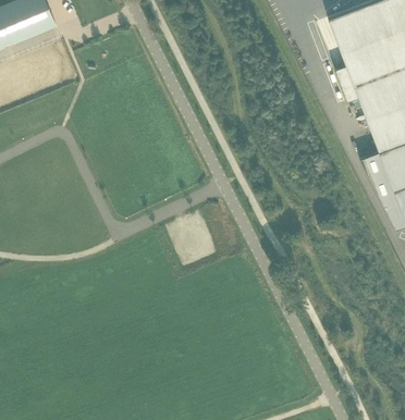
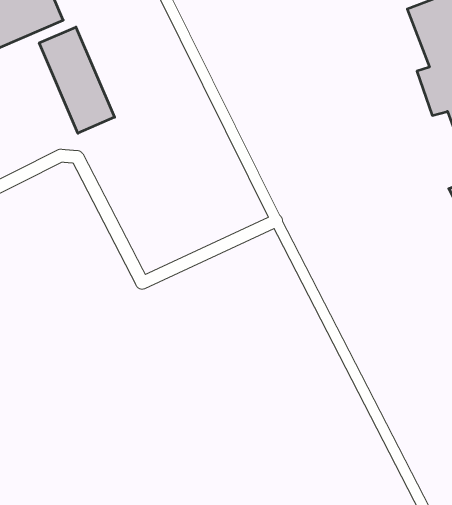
building: none -> [39,27,115,133]

